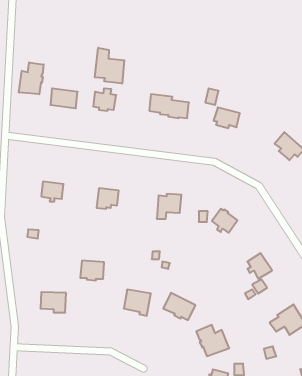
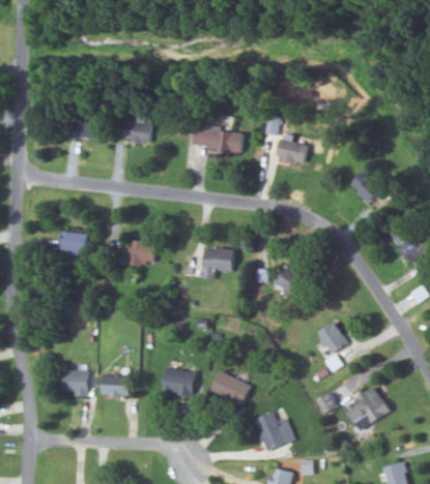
building: [95,48,124,84] -> none
building: [19,62,44,94] -> none
building: [80,261,104,280] -> [99,373,130,398]

